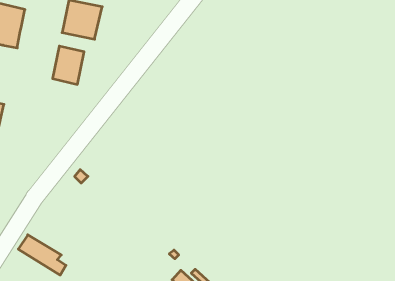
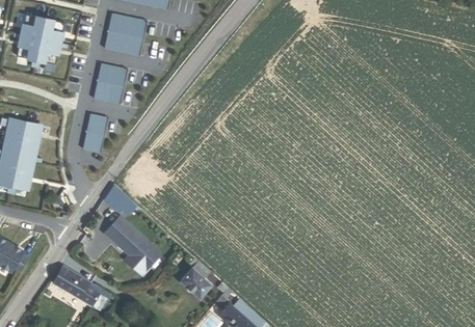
building: none -> [80,113,106,153]
building: none -> [107,218,161,275]
building: none -> [181,262,213,300]

